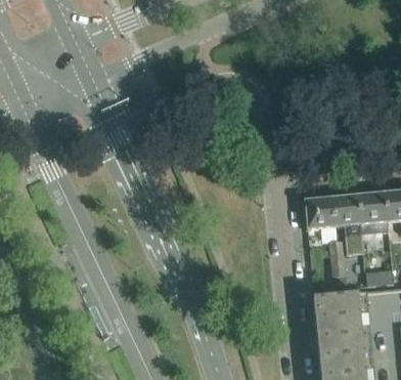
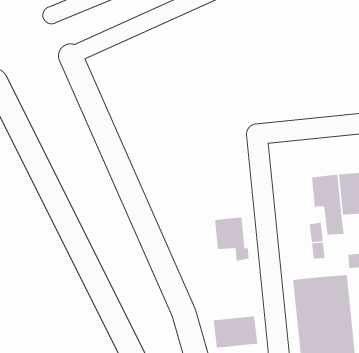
building: [304,196,339,240] -> [214,216,249,261]
building: none -> [213,315,258,349]

